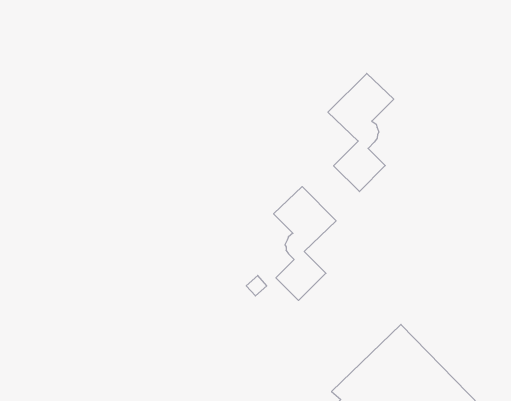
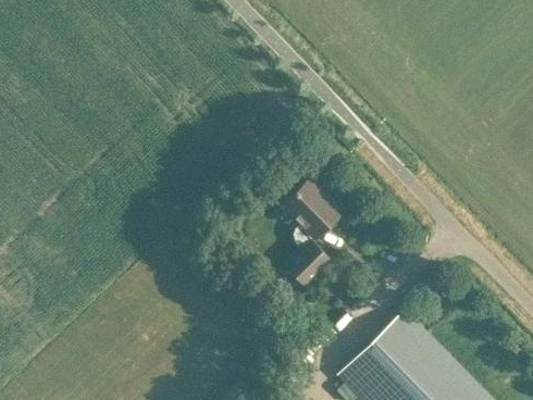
building: [328,73,394,192] -> none

